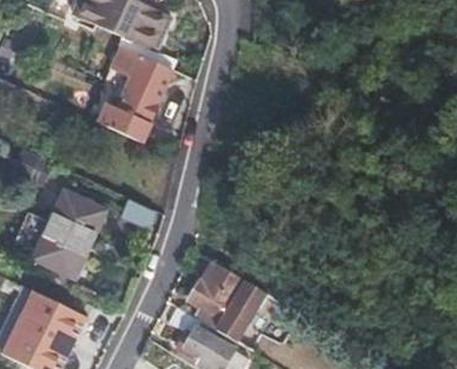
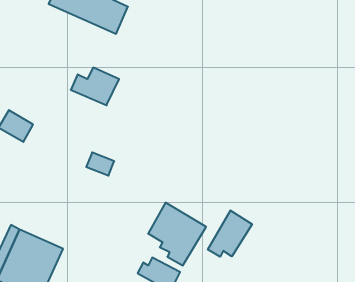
building: [109,45,174,105] -> none
building: [33,191,102,271] -> none
building: none -> [208,210,252,257]

